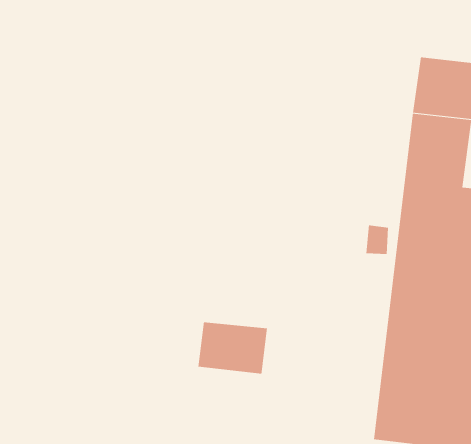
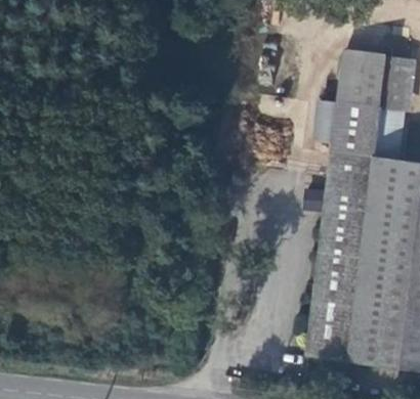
building: [198,321,268,375] -> none

